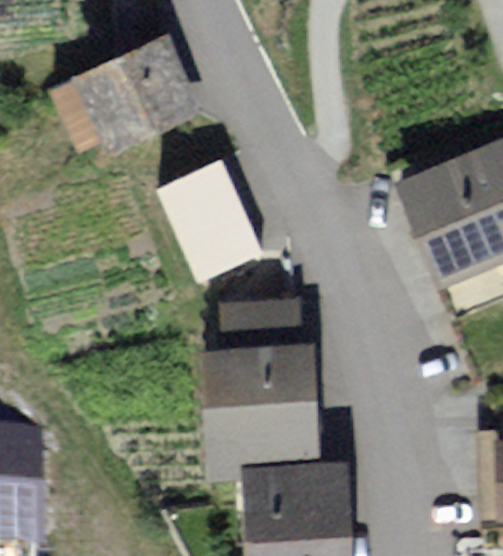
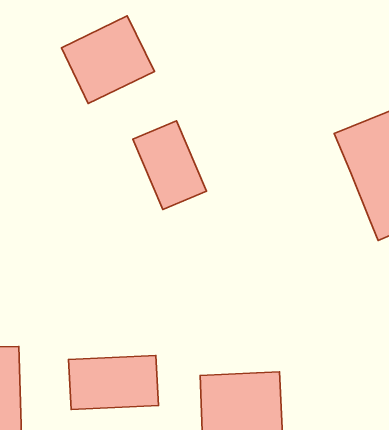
building: [209,303,315,468] -> none
building: none -> [68,355,159,410]

